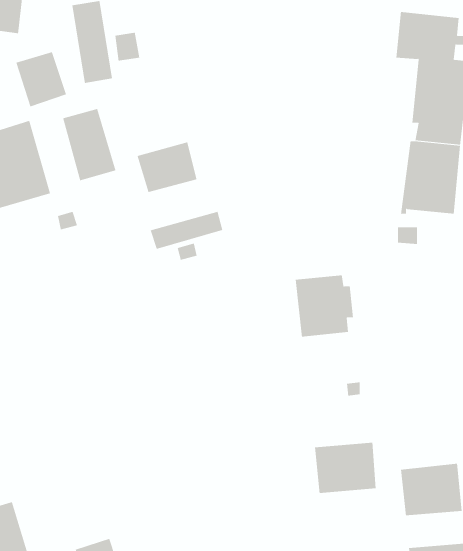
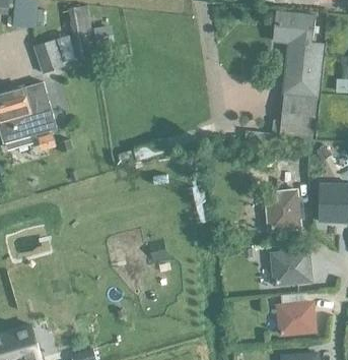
building: [62,108,116,181] -> none
building: [137,141,197,193] -> none
building: [295,275,354,337] -> [266,191,303,231]
building: [314,442,376,493] -> [272,251,311,284]

